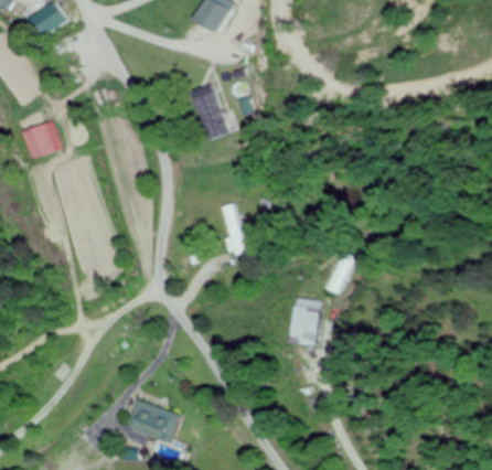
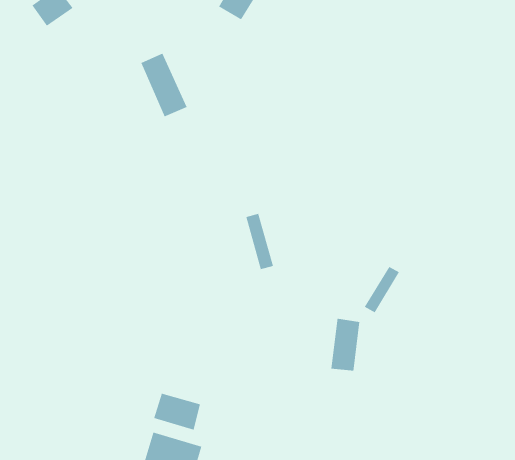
building: [190,83,232,140] -> [141,53,188,117]
building: [22,121,62,160] -> none
building: none -> [154,393,201,431]

